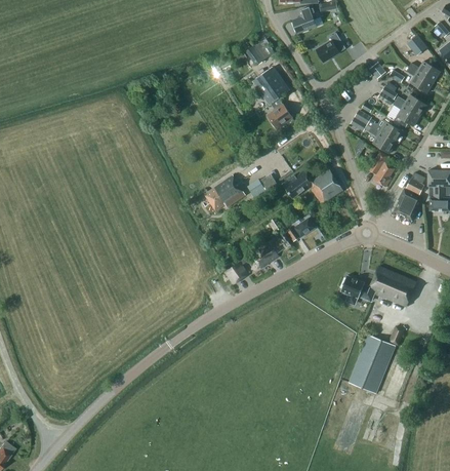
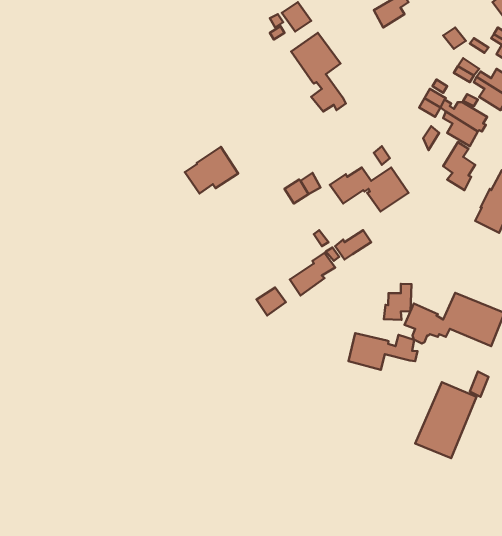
building: [204,175,245,211] -> [185,147,238,193]
building: none -> [384,284,412,320]
building: none -> [348,333,418,370]

